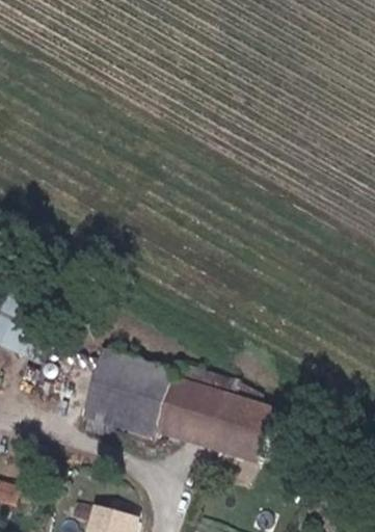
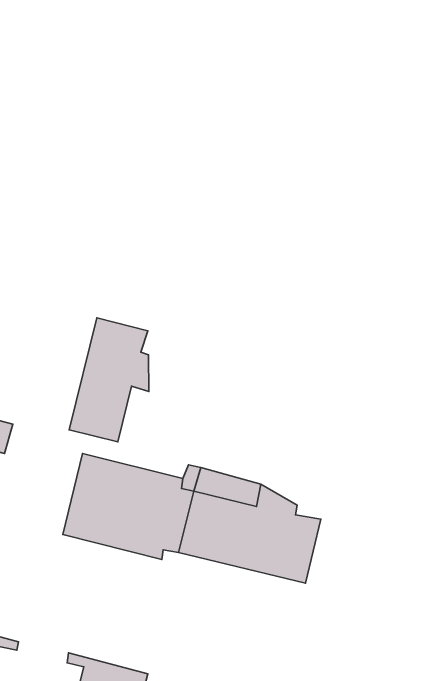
building: none -> [69,318,149,442]

